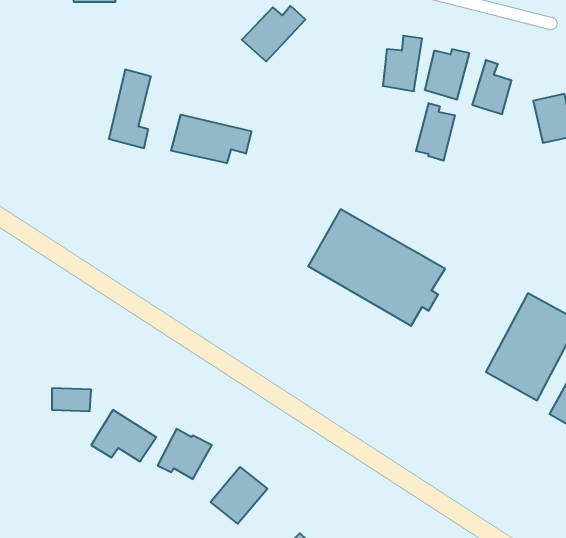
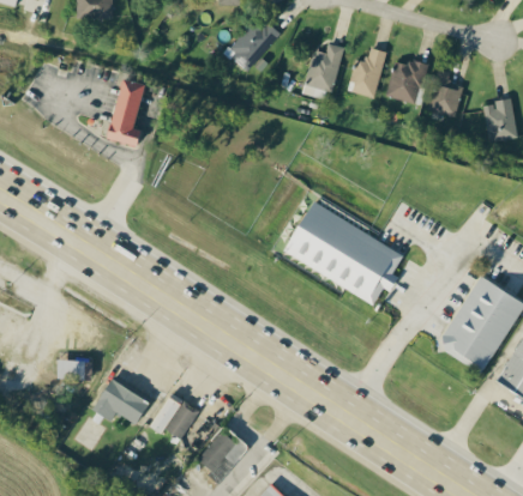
building: none -> [306,44,342,91]
building: [416,103,455,161] -> none
building: [171,115,252,163] -> none

